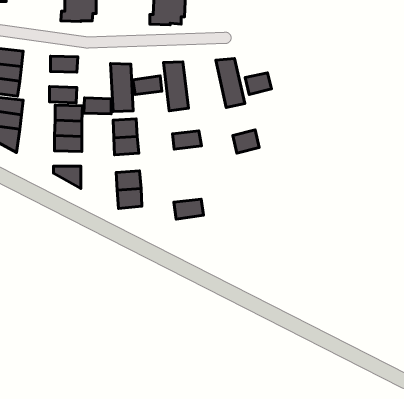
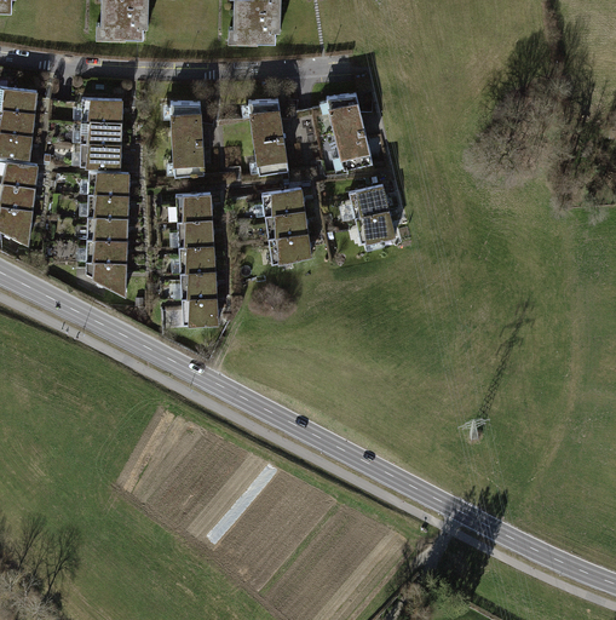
building: [245,73,272,94] -> [349,183,388,216]
building: [133,76,162,94] -> [260,185,304,213]
building: [84,98,111,114] -> [79,119,120,143]
building: none -> [85,239,127,262]
building: none -> [177,242,214,271]
building: [174,199,203,219] -> [266,231,311,262]

